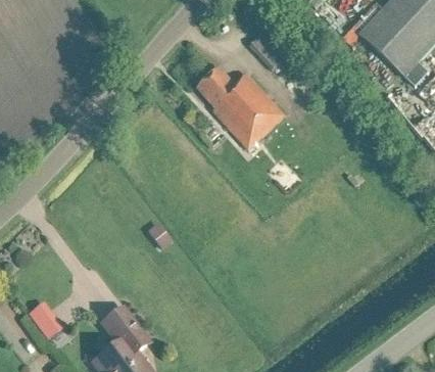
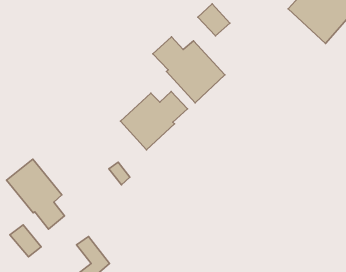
building: none -> [121,92,188,150]
building: none -> [6,159,64,229]

